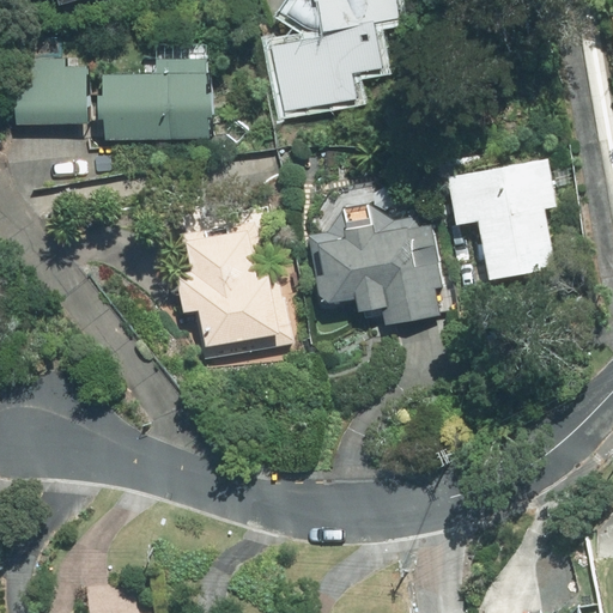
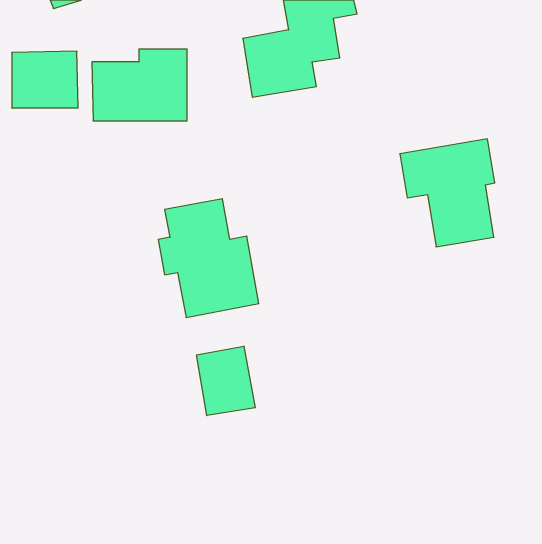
building: [311,201,441,322] -> none
building: none -> [197,346,255,416]

